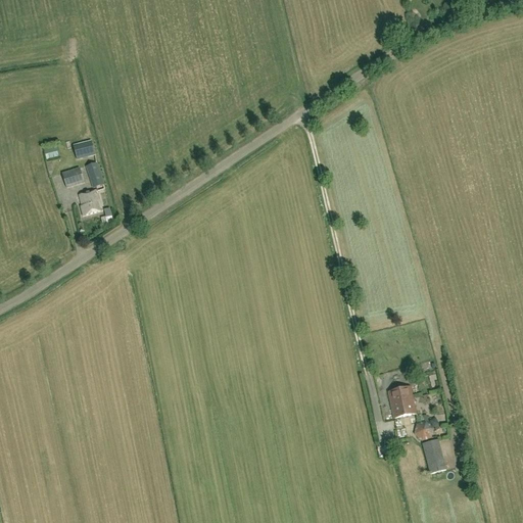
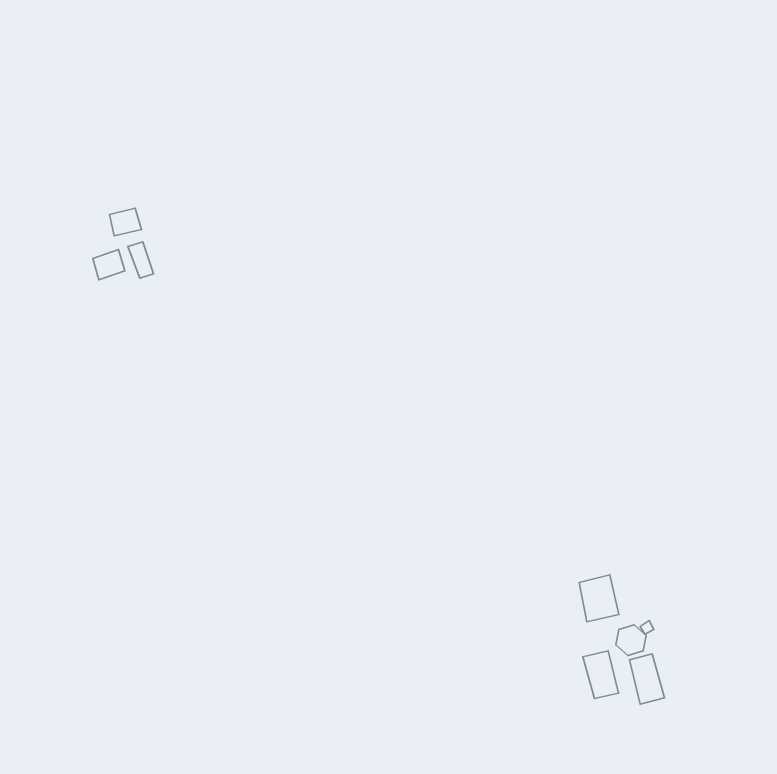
building: [79,189,102,216] -> none
building: none -> [583,651,619,698]

